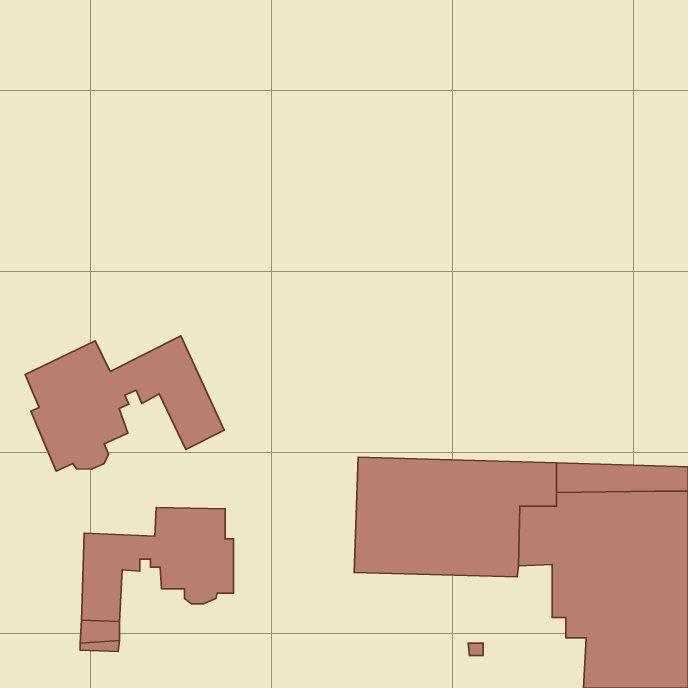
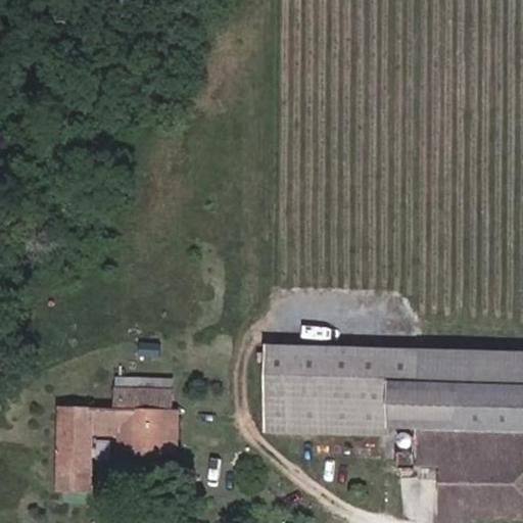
building: [25,336,224,471] -> none

